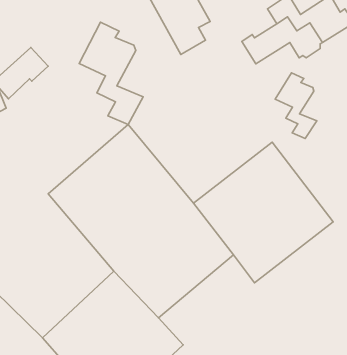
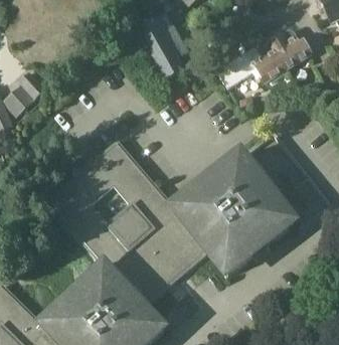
building: [79,22,143,125] -> none
building: [275,73,317,139] -> none

